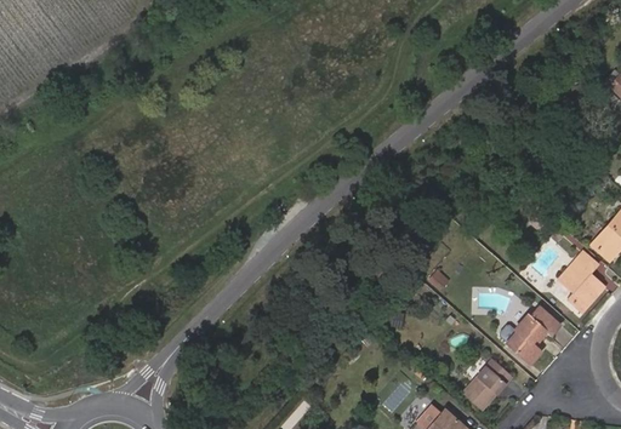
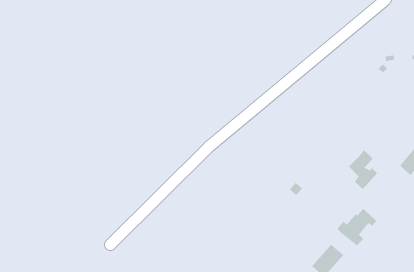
building: [559,252,603,311] -> [348,149,378,190]

